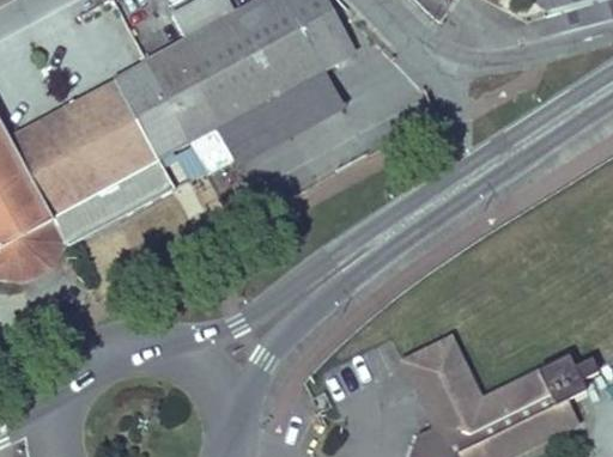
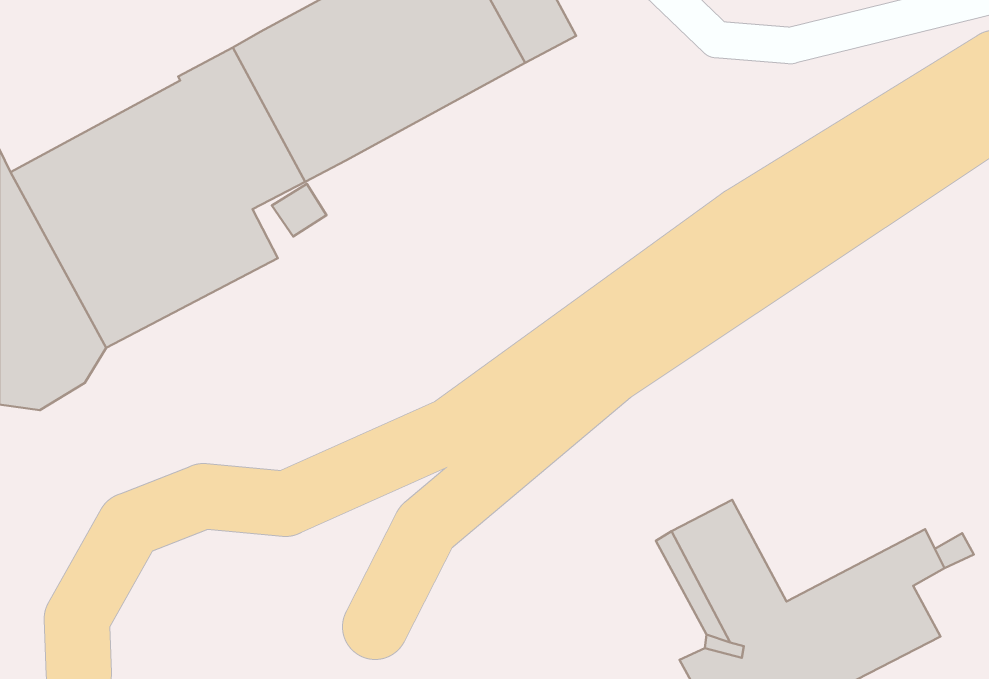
building: [213,69,345,170] -> none

